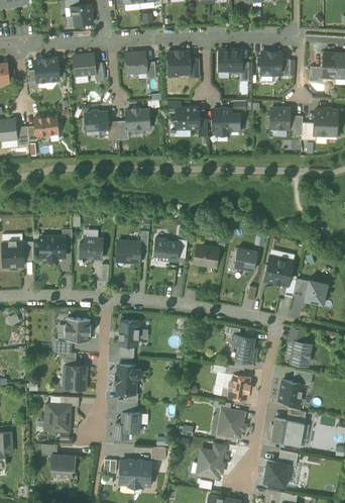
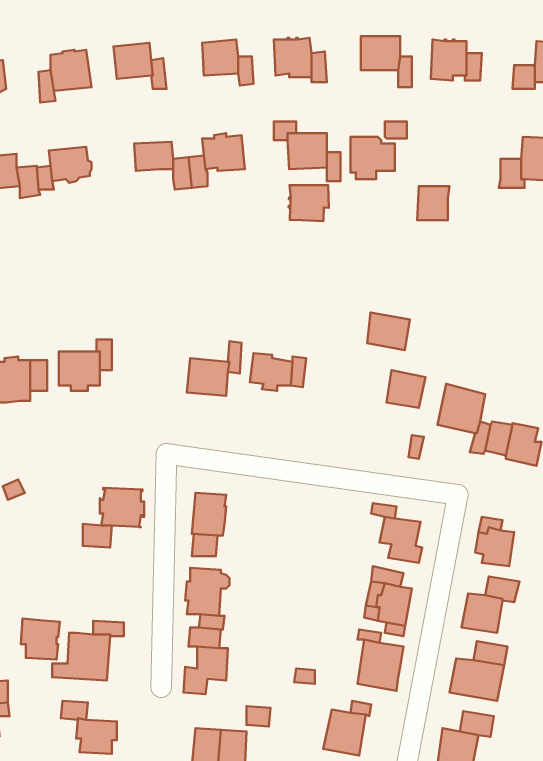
building: [270,108,290,128] -> [417,186,449,220]
building: none -> [289,185,329,221]
building: [79,237,103,259] -> none
building: [194,244,219,267] -> [367,313,410,350]
building: [64,365,87,389] -> [21,619,60,659]

